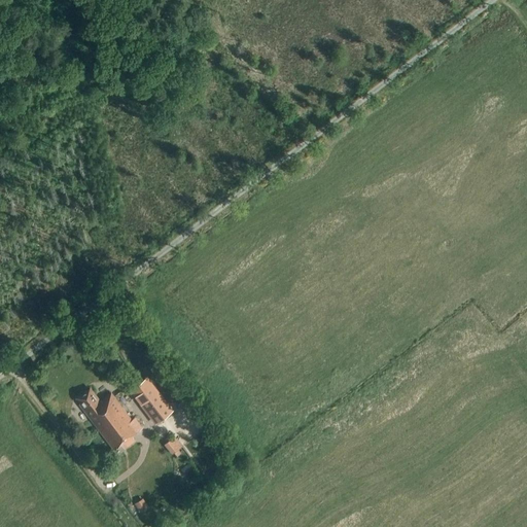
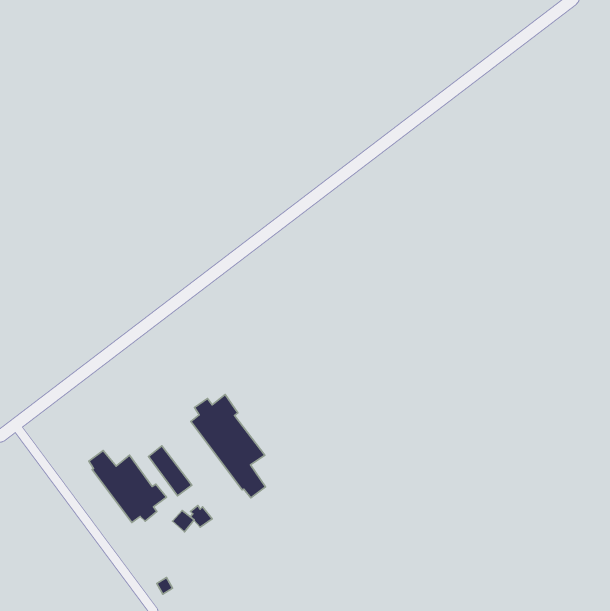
building: none -> [191,395,265,498]

